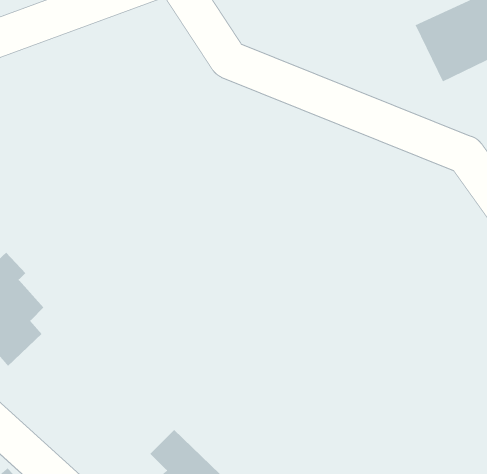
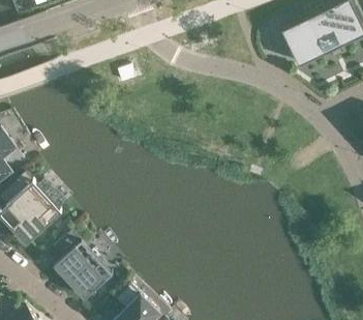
building: none -> [54,230,107,300]

